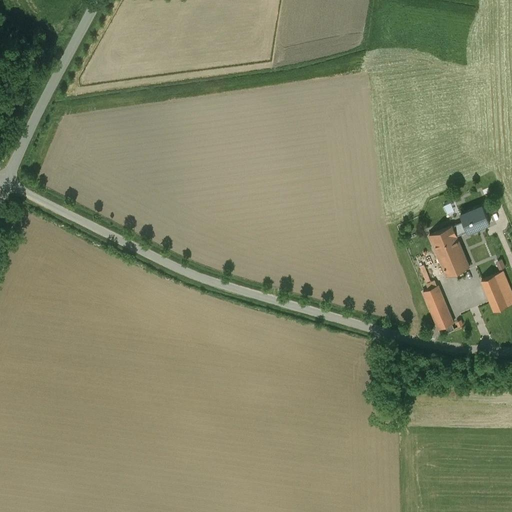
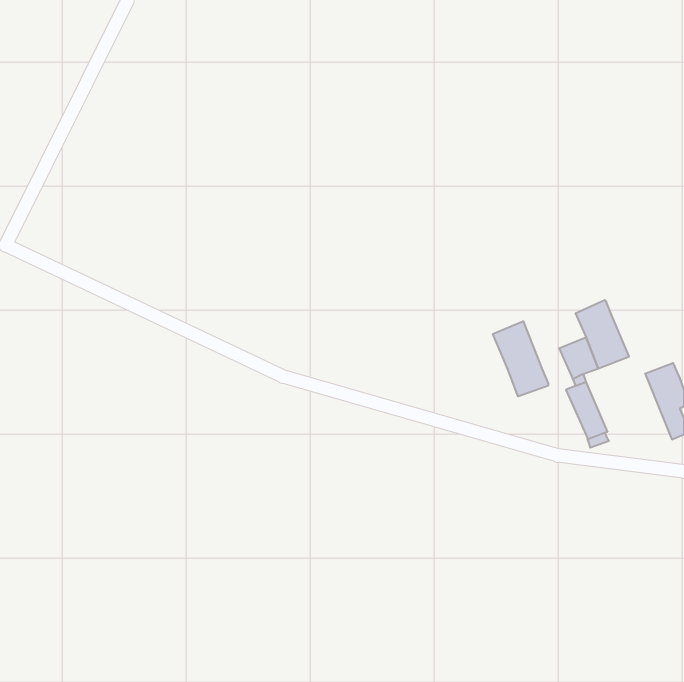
building: [452,206,489,237] -> none
building: none -> [493,321,548,396]

